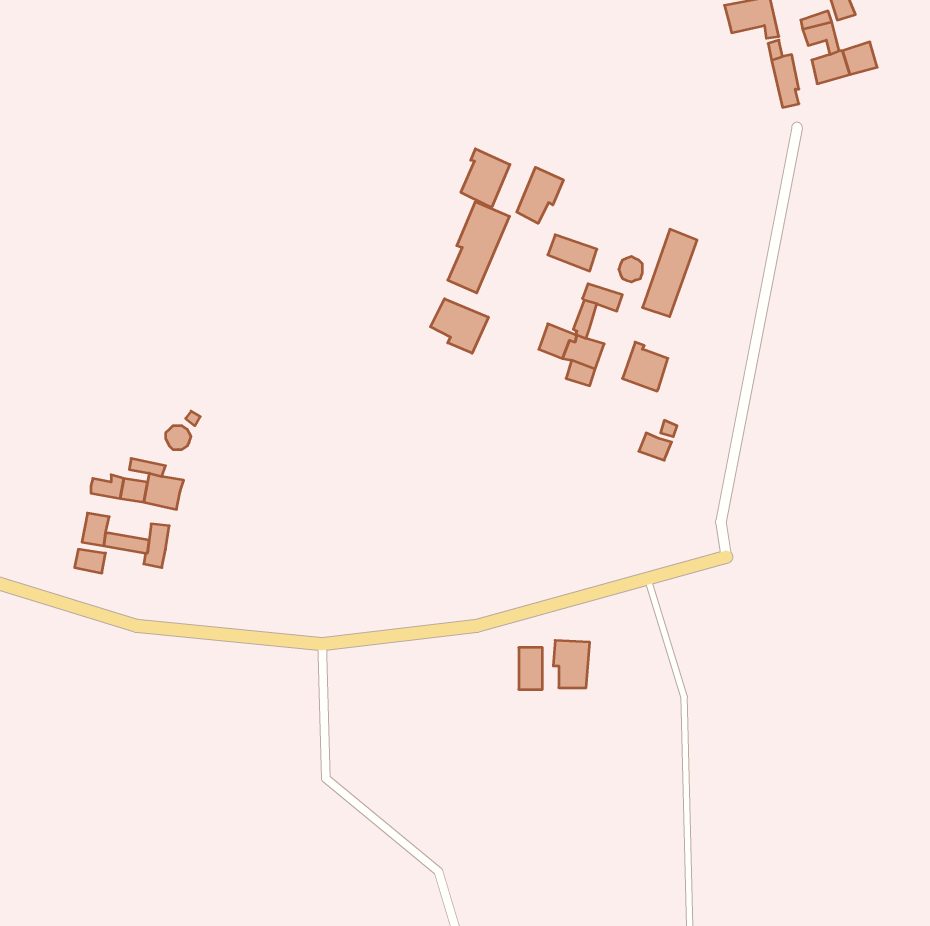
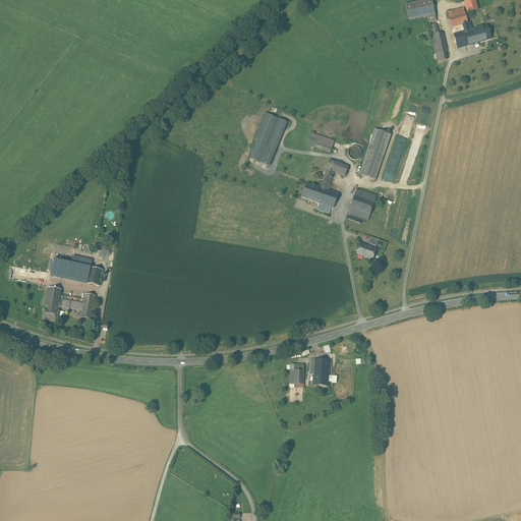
building: [461,149,510,207] -> none
building: [517,167,563,223] -> none
building: [430,299,488,353] -> none

